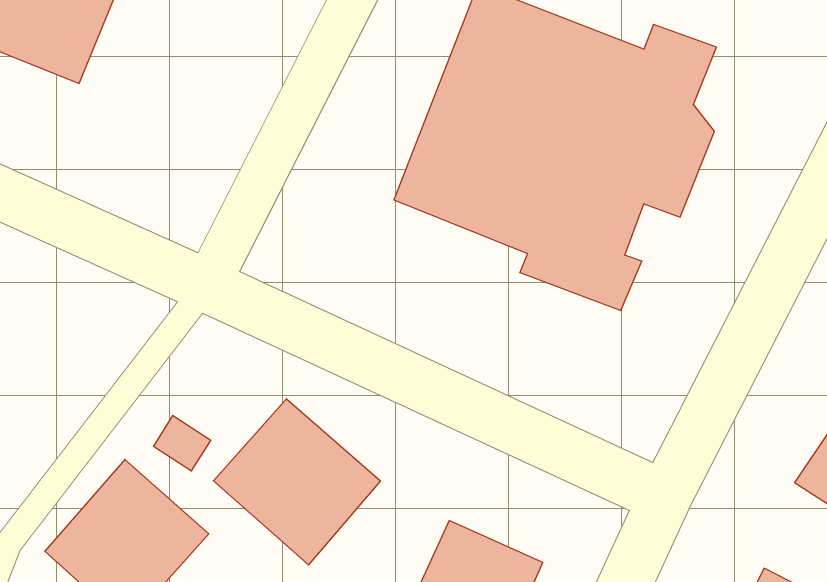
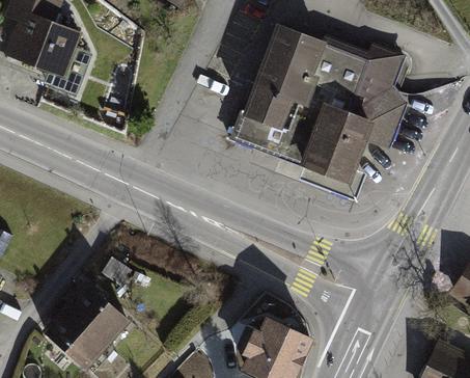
building: [213,399,380,565] -> none

